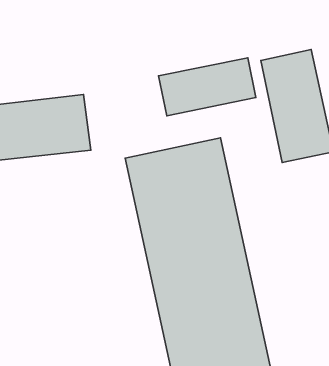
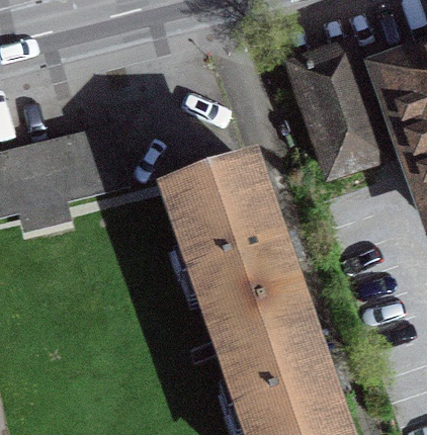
building: [158,58,256,116] -> none

